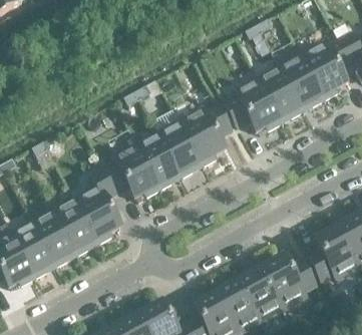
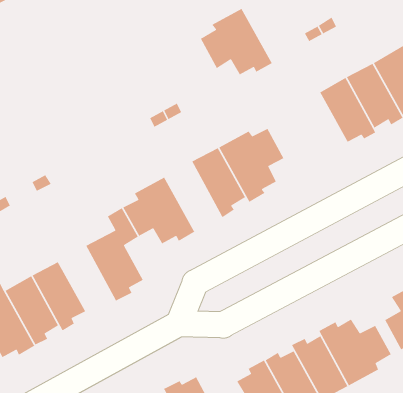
building: [226,78,284,131] -> [200,8,274,76]
building: [137,132,184,190] -> none
building: [54,199,100,256] -> none

